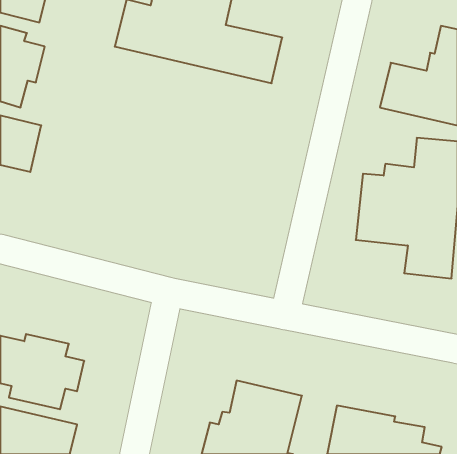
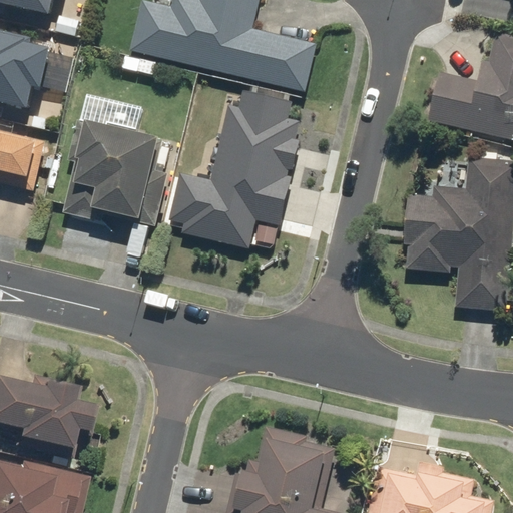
building: none -> [167,90,304,248]
building: none -> [61,122,158,222]

